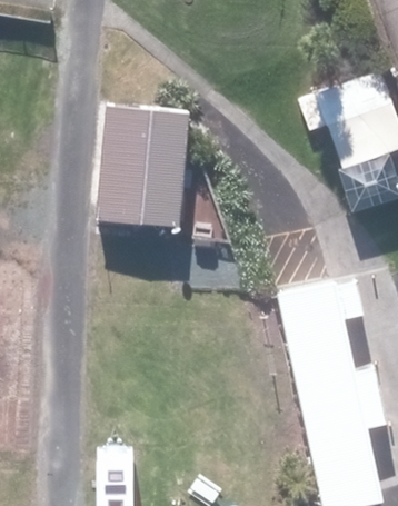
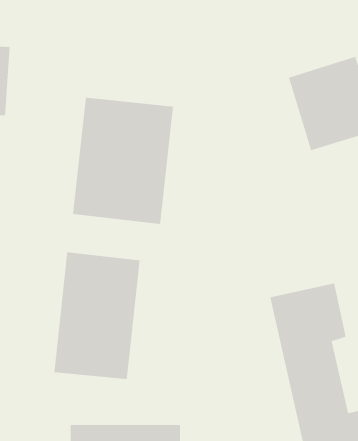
building: none -> [54,251,140,380]

